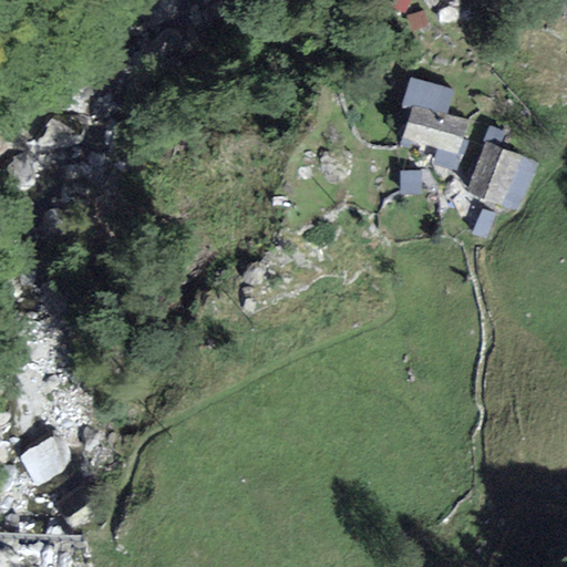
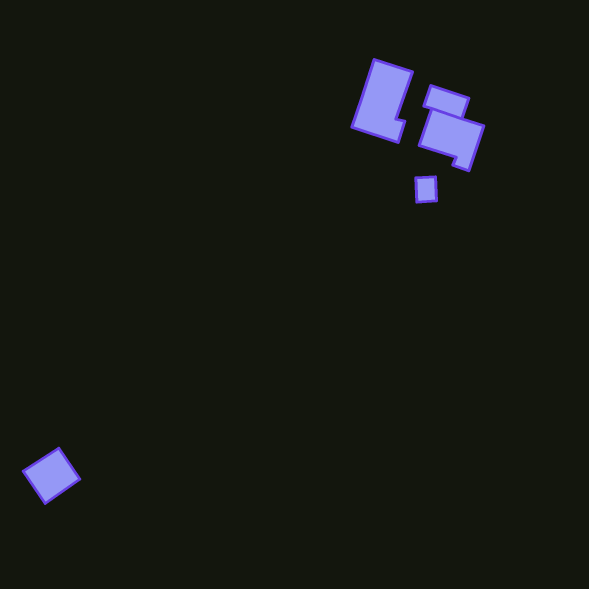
building: none -> [352,59,413,142]
building: [468,143,530,205] -> none

